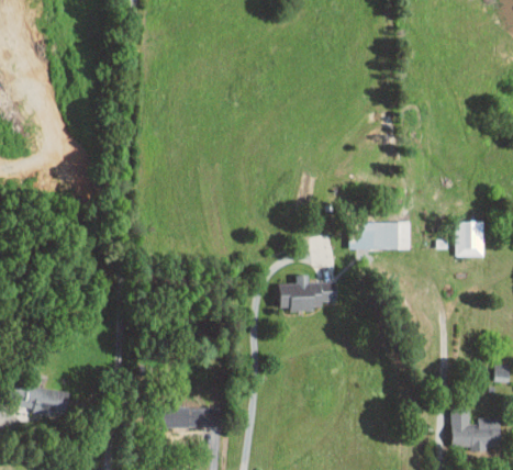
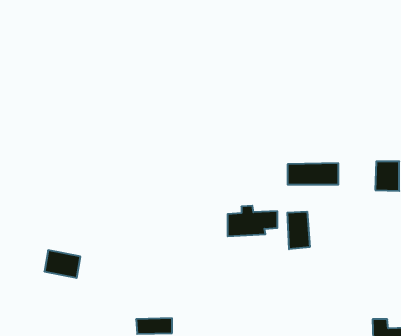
building: none -> [287,212,310,249]
building: [27,387,70,419] -> [44,250,80,278]

